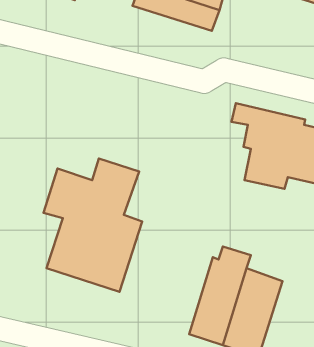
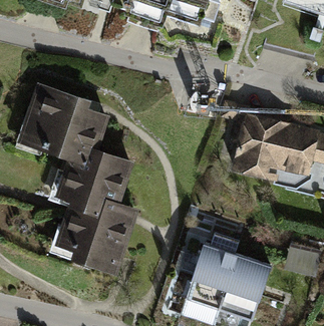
building: none -> [16,82,113,171]

